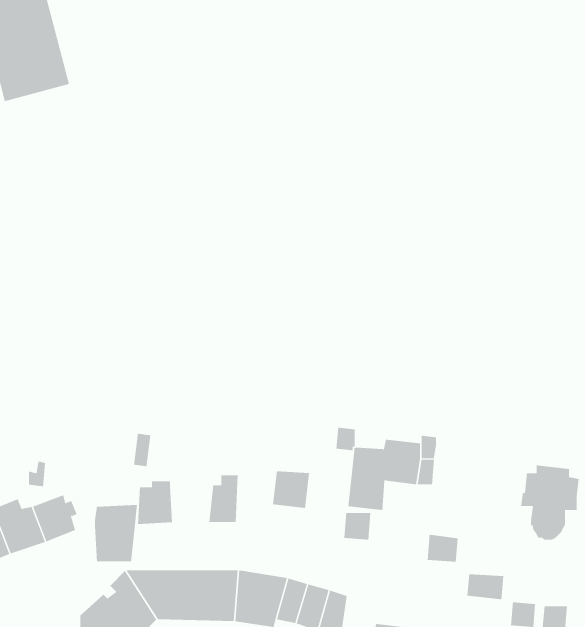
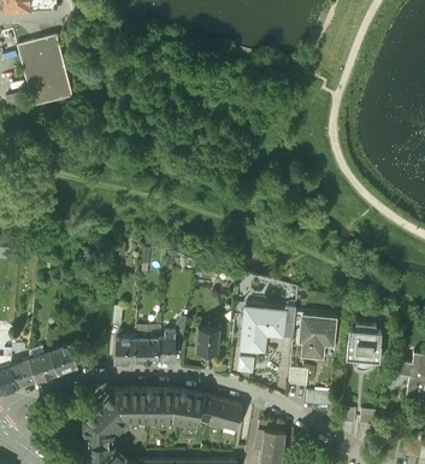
building: none -> [300,318,335,359]
building: [94,504,138,562] -> [134,327,160,362]

